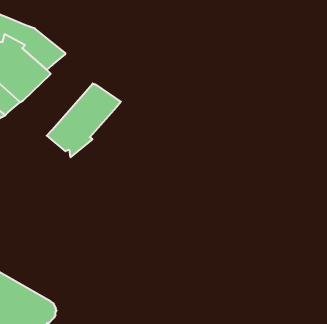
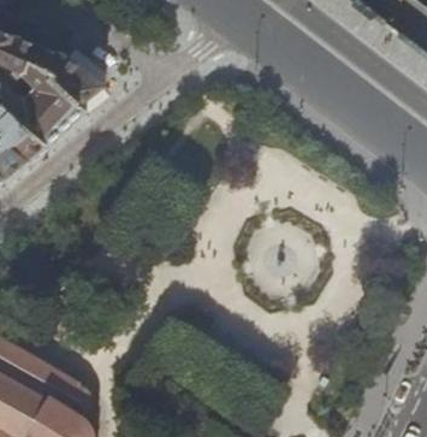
building: [47,83,121,157] -> none

